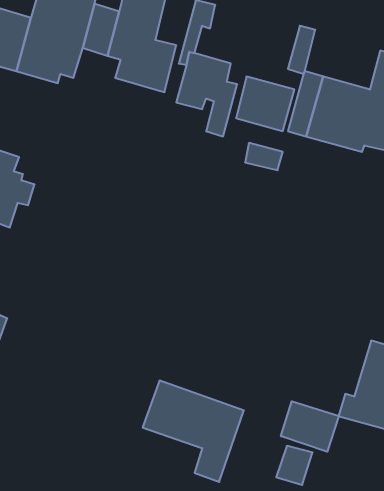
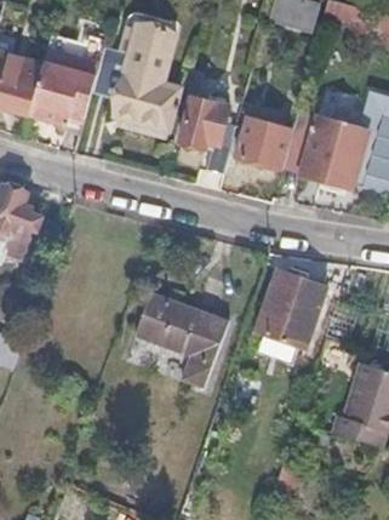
building: none -> [256,272,326,349]
building: [143,381,244,482] -> [132,295,227,389]
building: [281,401,339,452] -> none

